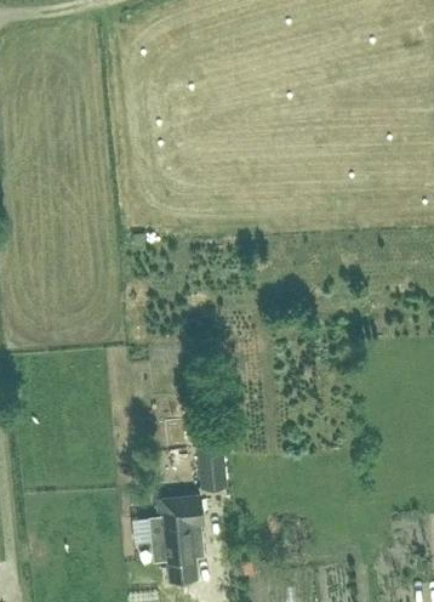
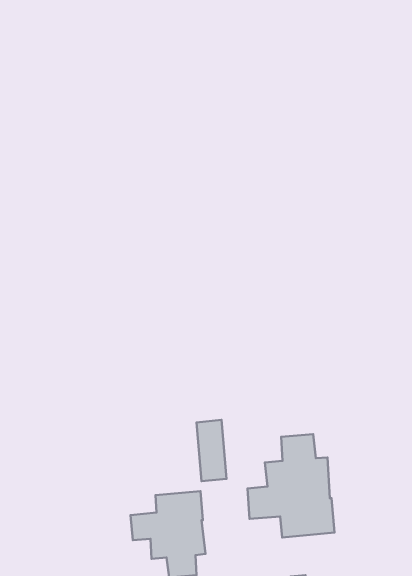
building: none -> [247,434,334,537]

